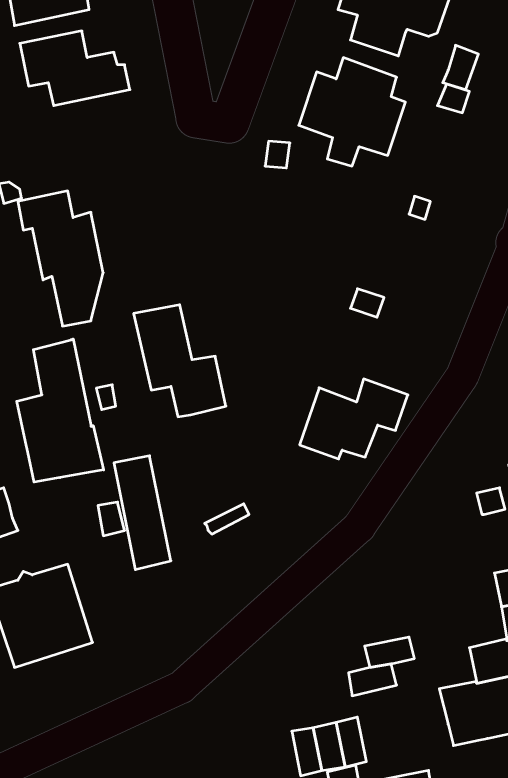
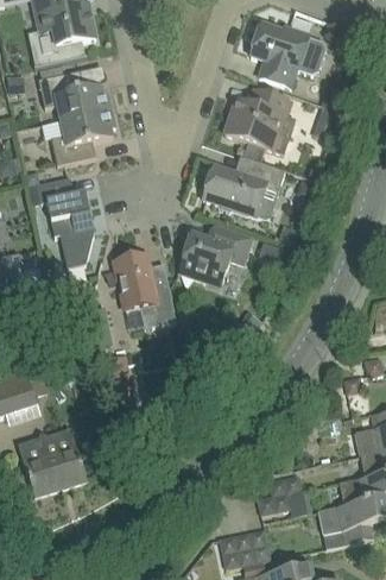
building: none -> [51,108,115,164]
building: none -> [203,153,285,218]
building: [17,339,104,482] -> none
building: [300,379,408,459] -> [178,226,251,279]

